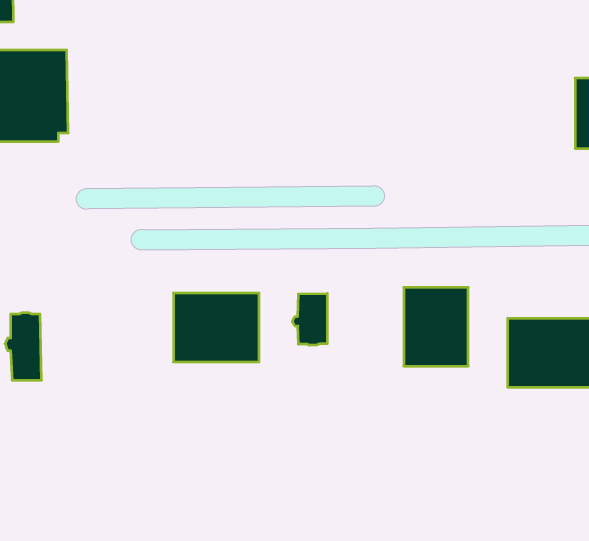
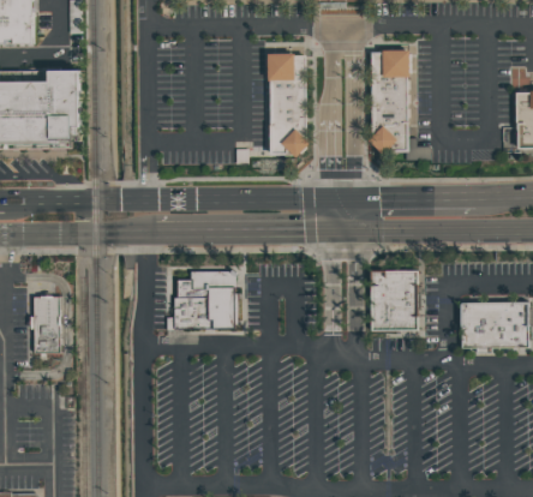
building: none -> [370,47,411,151]
building: none -> [268,50,306,152]
building: [292,293,327,345] -> none

